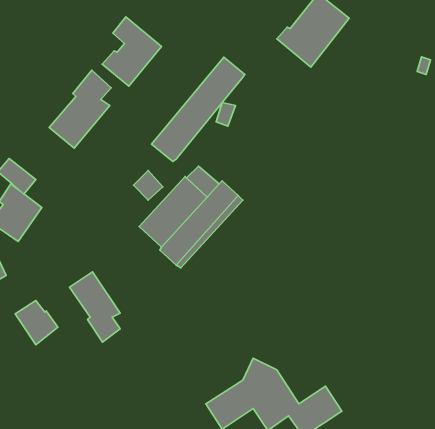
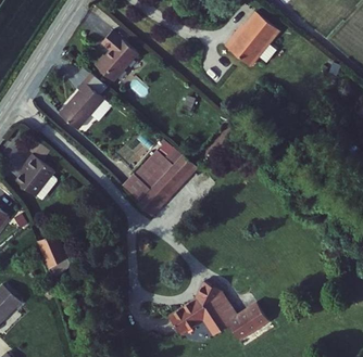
building: [152,57,245,161] -> none
building: [69,272,120,342] -> none

